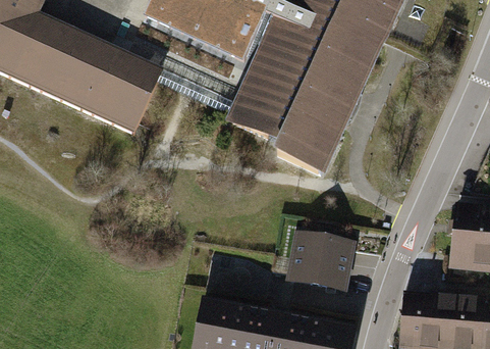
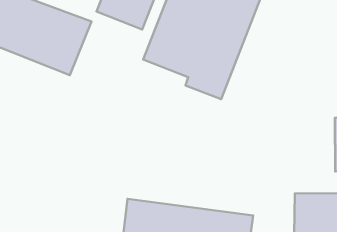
building: [288,232,355,289] -> none

